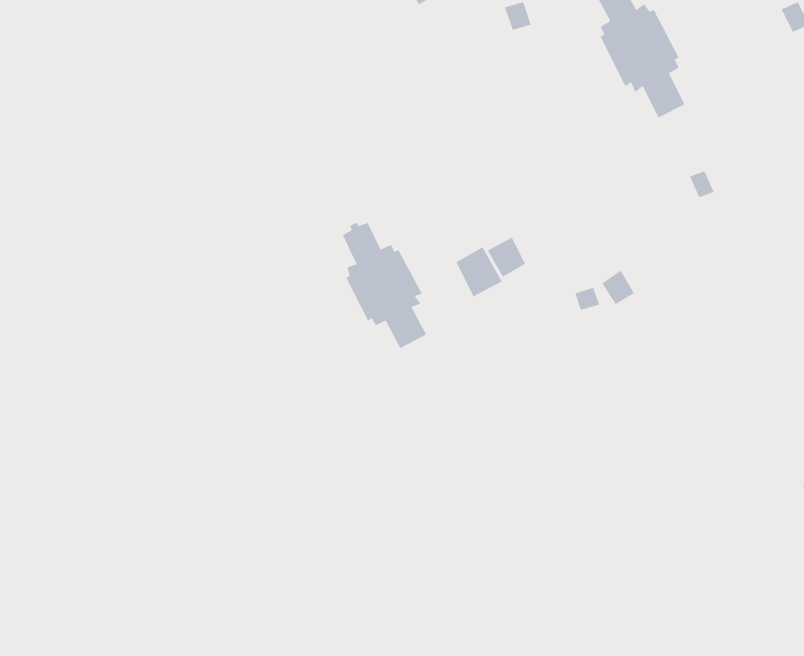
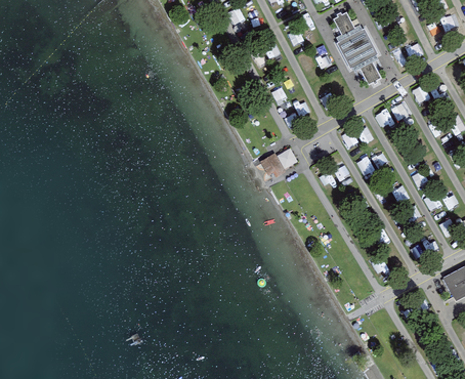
building: [342,222,427,349] -> none

